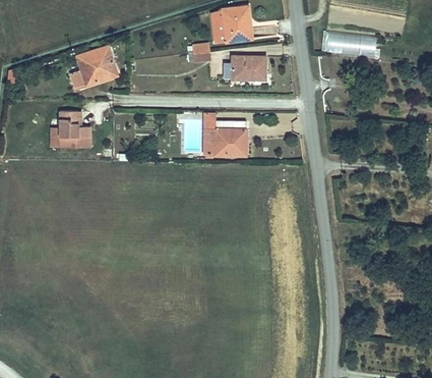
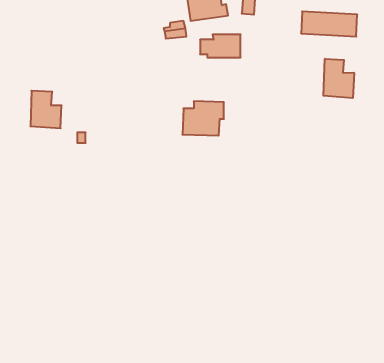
building: [70,46,116,89] -> none
building: none -> [323,59,354,98]

